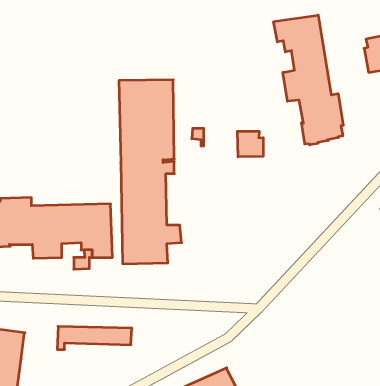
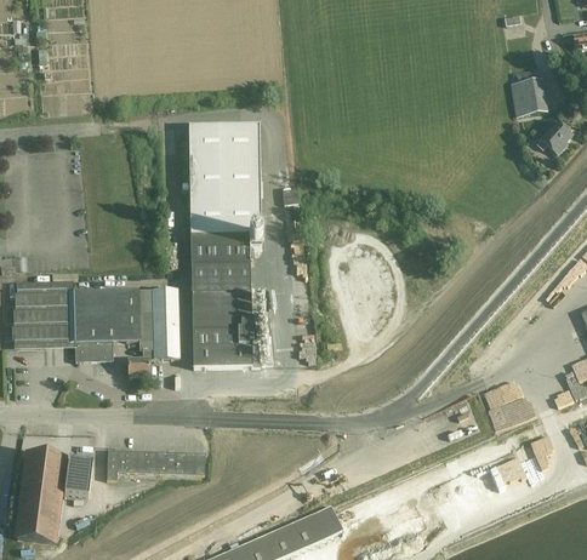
building: [274,15,343,145] -> none
building: [237,131,263,157] -> none
building: none -> [59,461,92,498]

